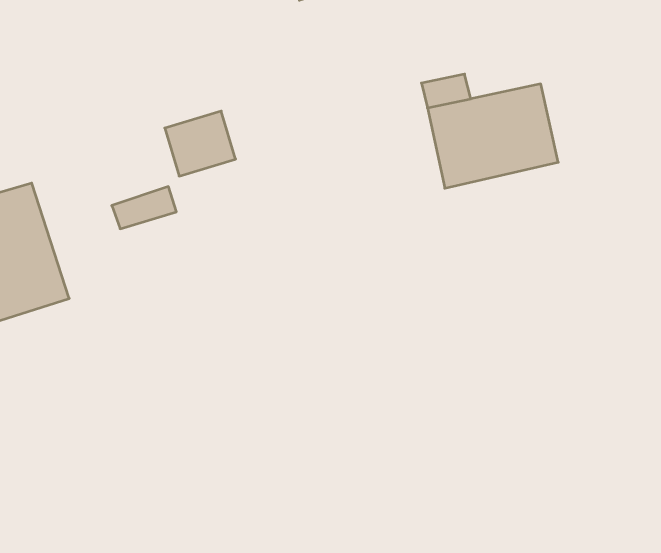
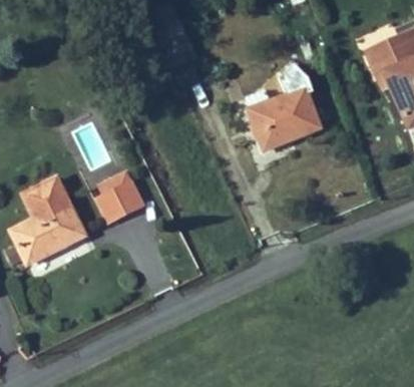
building: [165,111,236,176] -> [104,182,142,219]

